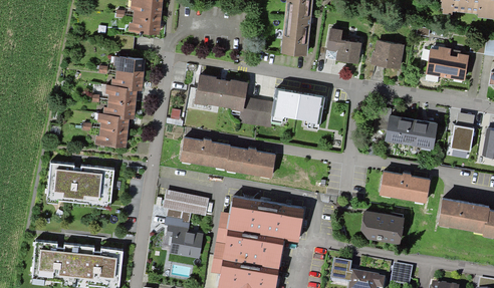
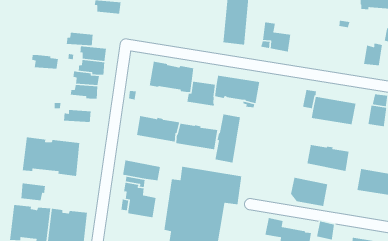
building: [129,16,161,33] -> [66,32,93,46]
building: [371,39,404,68] -> none
building: [426,45,451,77] -> none
building: [97,113,130,131] -> [31,54,59,70]
building: none -> [214,113,241,164]
building: none -> [20,182,46,201]

